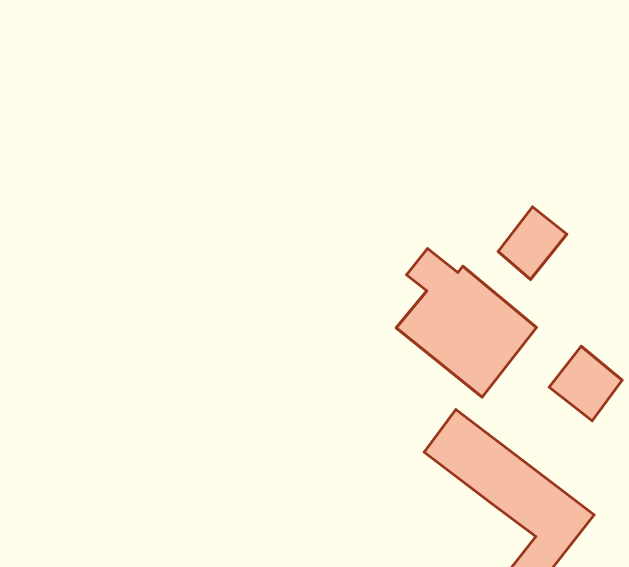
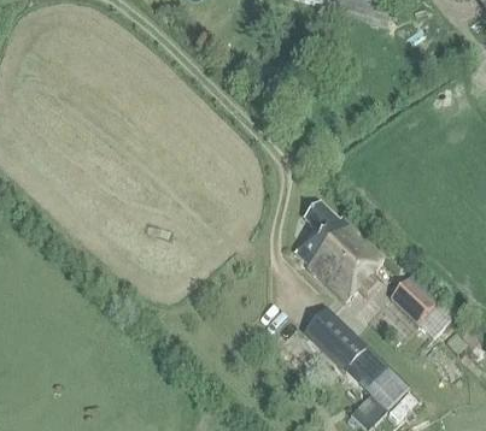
building: [498,207,567,279] -> none

